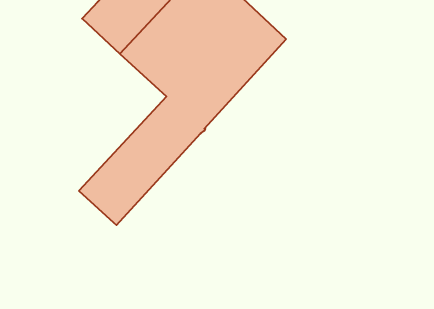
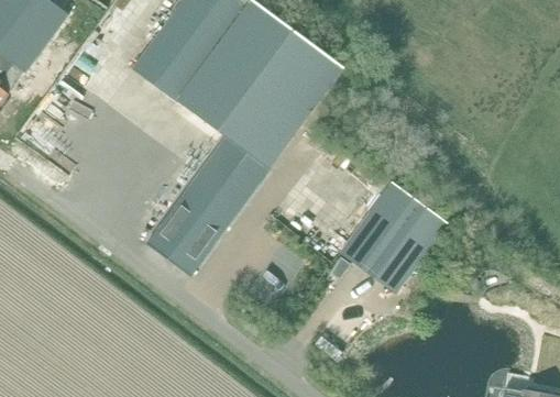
building: none -> [339,179,448,291]

